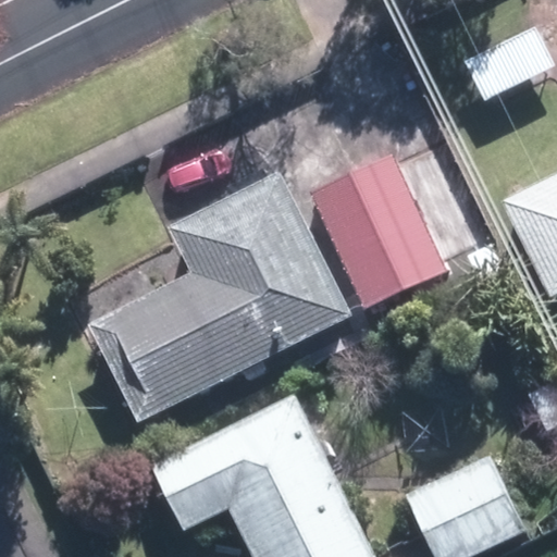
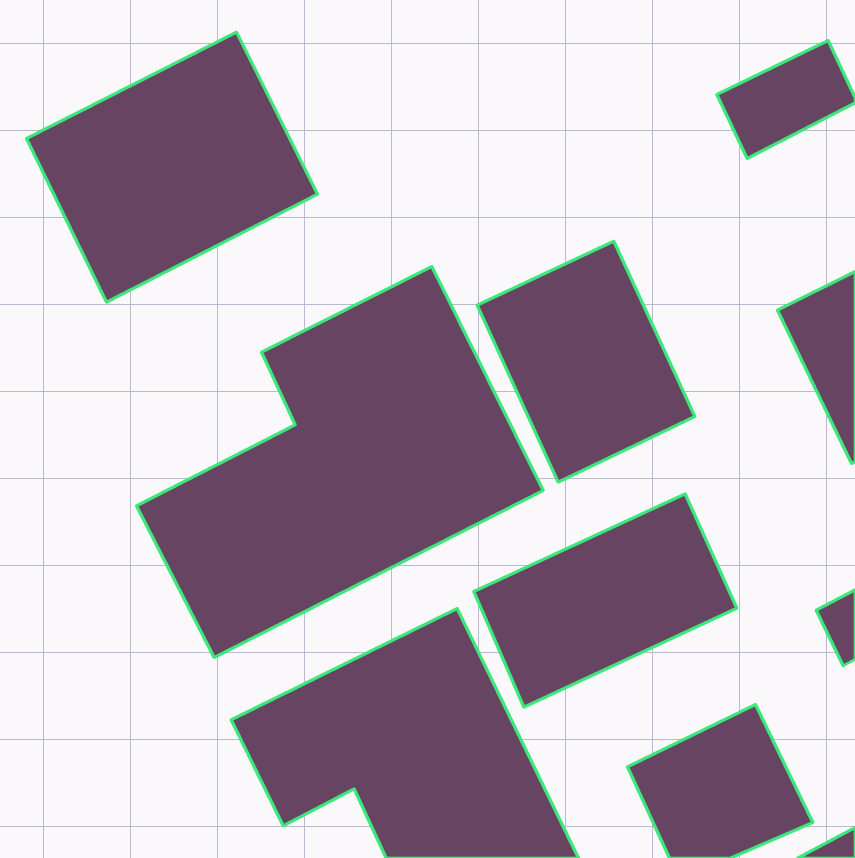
building: none -> [27,32,318,302]
building: none -> [474,494,737,707]

